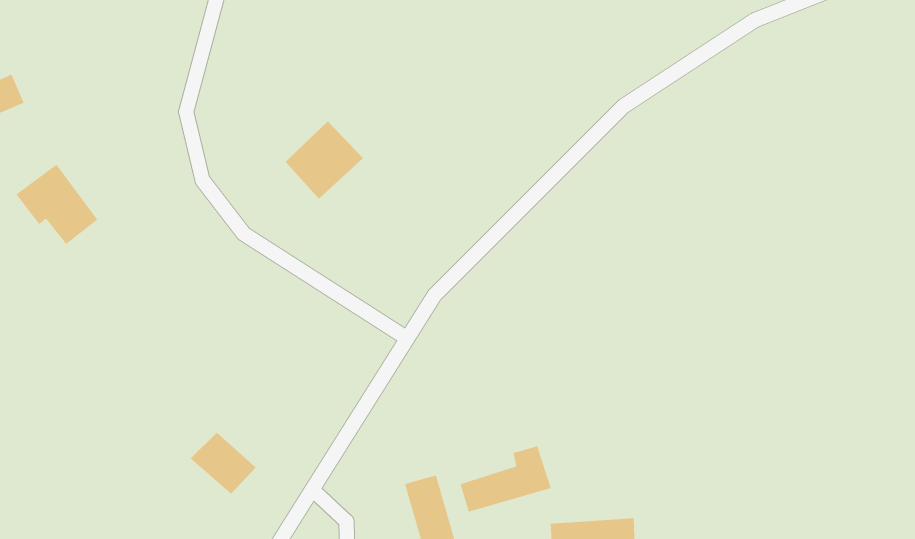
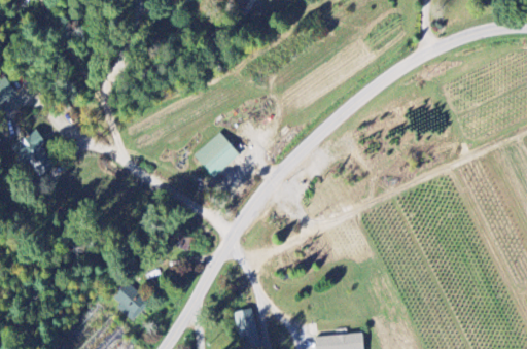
building: [285,120,364,200] -> [194,132,239,177]
building: [460,446,551,513] -> none

